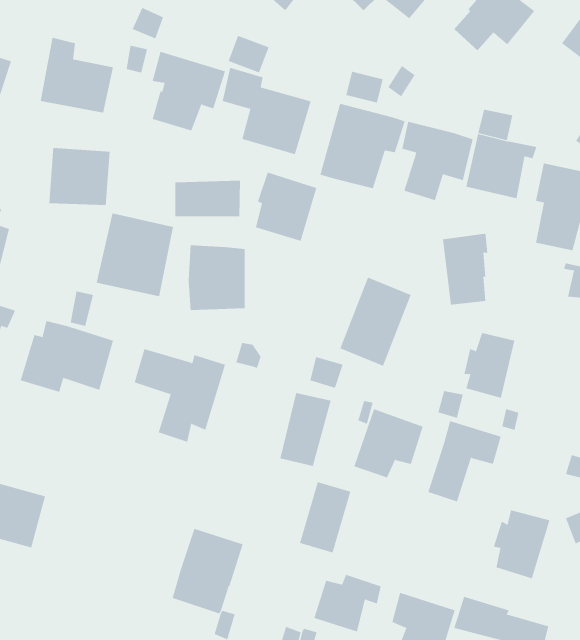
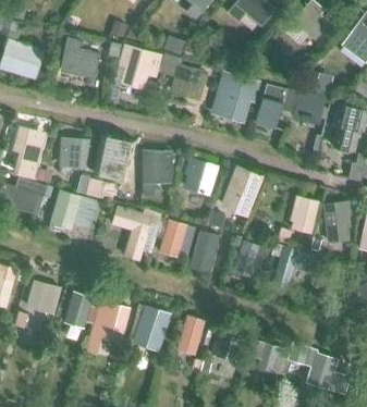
building: [48,148,110,205] -> [59,137,93,169]
building: [255,172,317,242] -> [184,157,218,195]
building: [175,180,241,217] -> none
building: [442,233,488,305] -> [323,202,348,242]
building: none -> [158,220,186,258]
building: [299,481,351,553] -> [176,316,205,355]
building: none -> [63,291,93,329]
building: [493,509,550,579] -> none
building: none -> [86,300,131,353]

